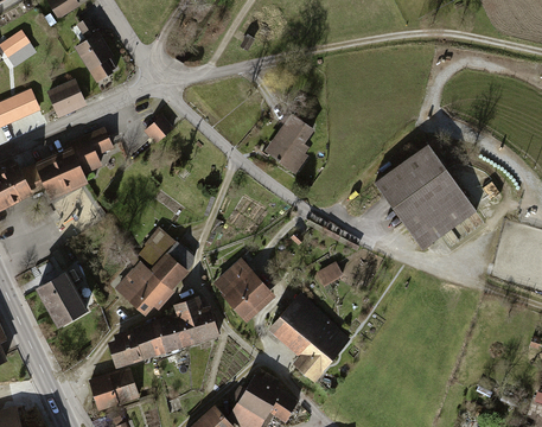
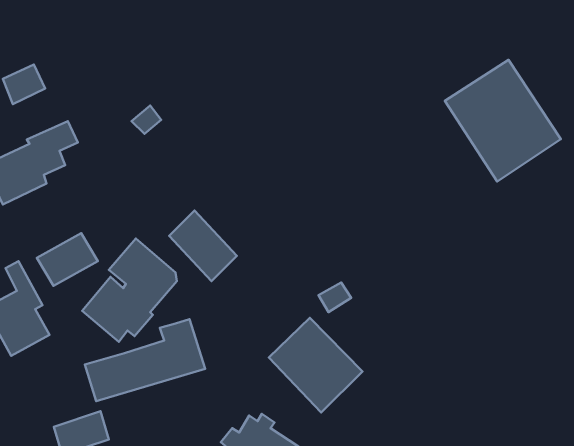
building: [85,37,120,74] -> none
building: [263,117,315,171] -> none
building: [372,148,470,250] -> [445,60,561,182]
building: none -> [37,233,98,286]
building: [215,262,272,321] -> [169,210,237,281]

